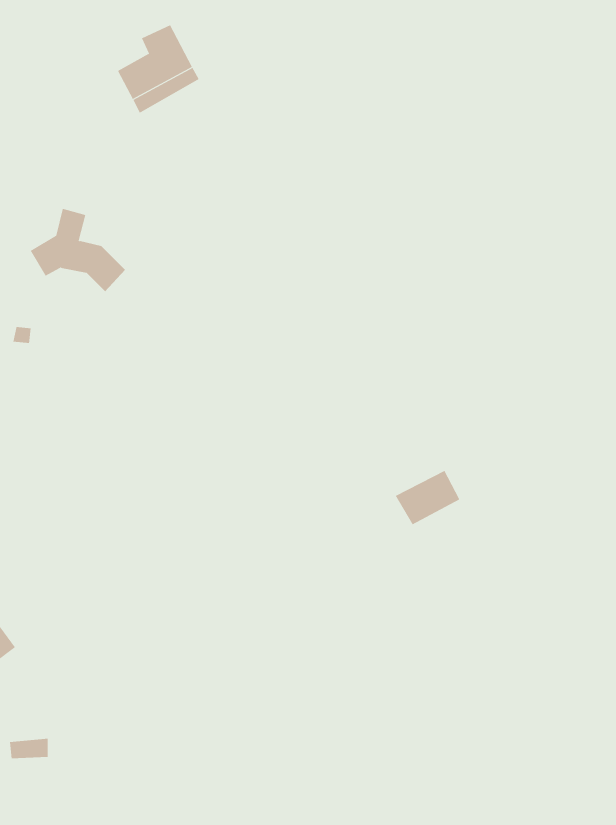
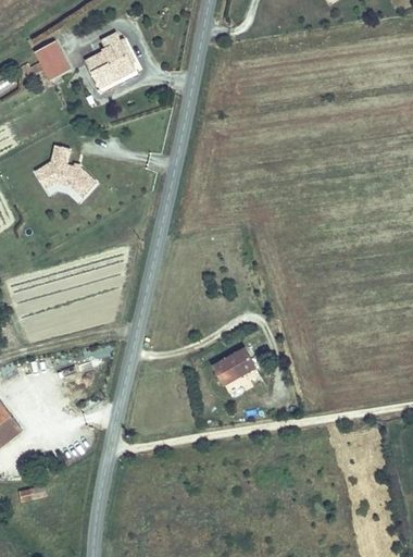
building: none -> [34,39,68,76]
building: [395,470,460,525] -> [215,348,256,383]

